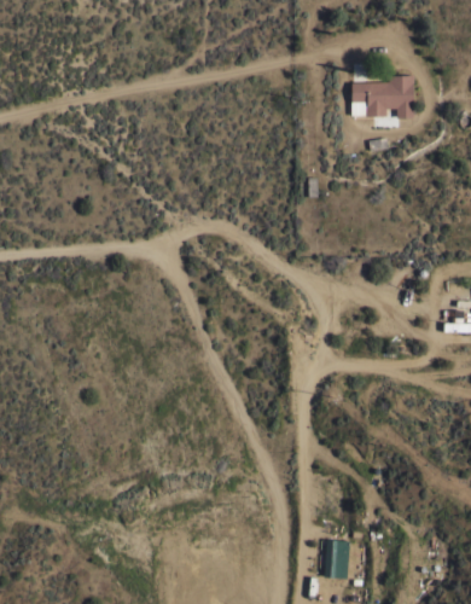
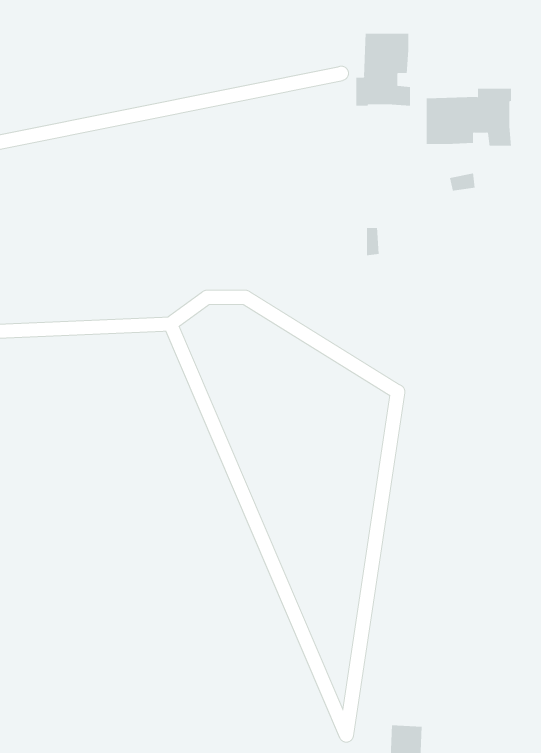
building: none -> [356,33,410,106]

